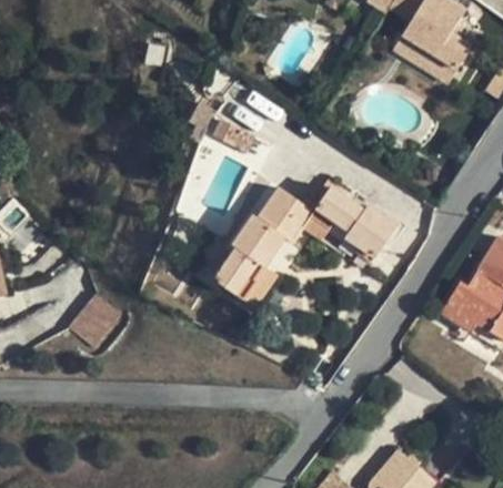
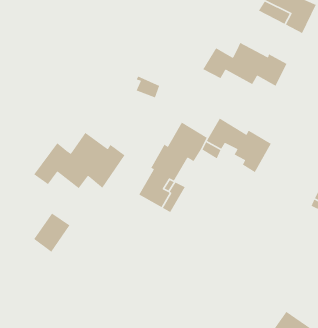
building: none -> [202,42,288,87]
building: none -> [33,132,126,189]

